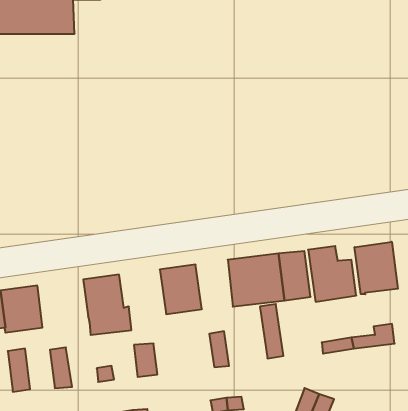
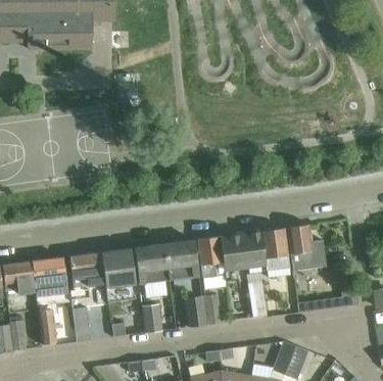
building: [355,242,398,294] -> none
building: none -> [197,235,224,277]
building: none -> [134,243,169,296]
building: none -> [69,251,104,286]
building: none -> [185,295,206,327]

